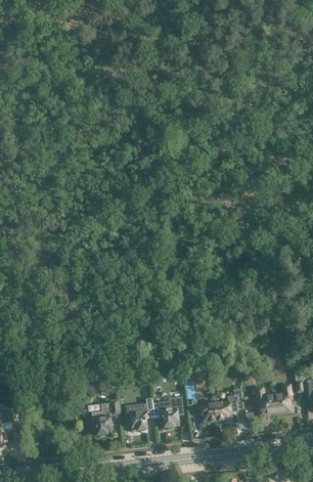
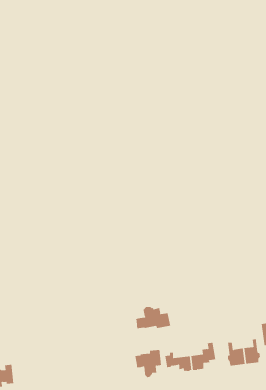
building: none -> [135,306,171,329]
building: [125,397,154,431] -> none
building: [91,399,120,435] -> none

